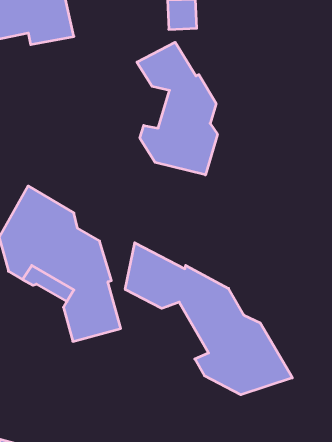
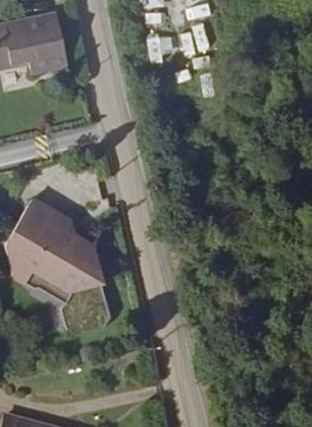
building: [137,42,217,175] -> none
building: [125,243,292,395] -> none

